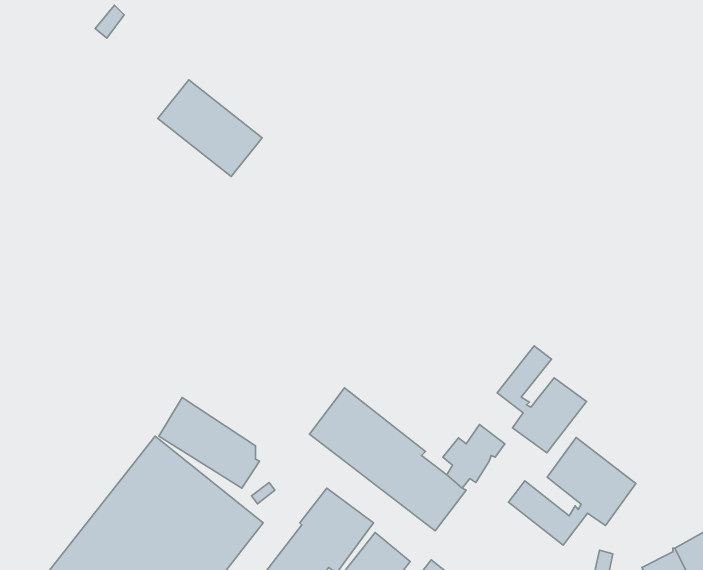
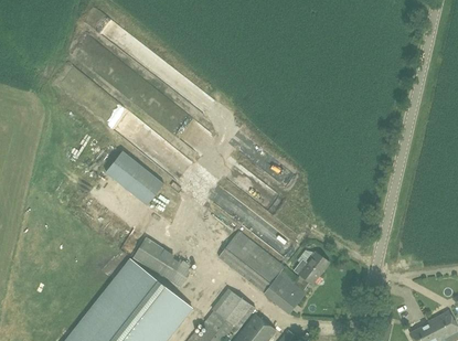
building: [158,80,262,177] -> [105,150,164,205]
building: [497,346,586,453] -> none
building: [508,438,636,545] -> none

